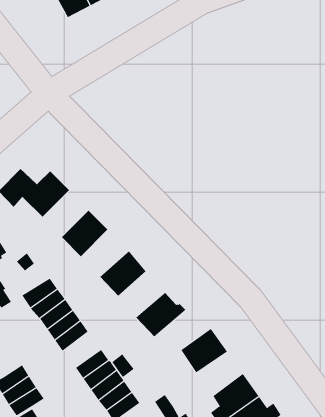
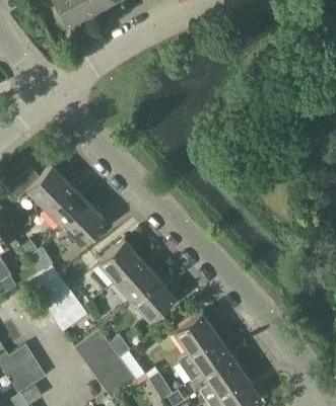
building: none -> [45,185,87,229]
building: none -> [115,260,158,303]
building: none -> [177,334,230,382]

